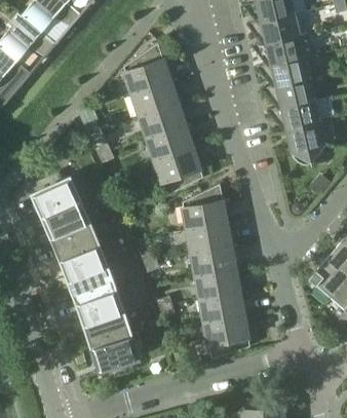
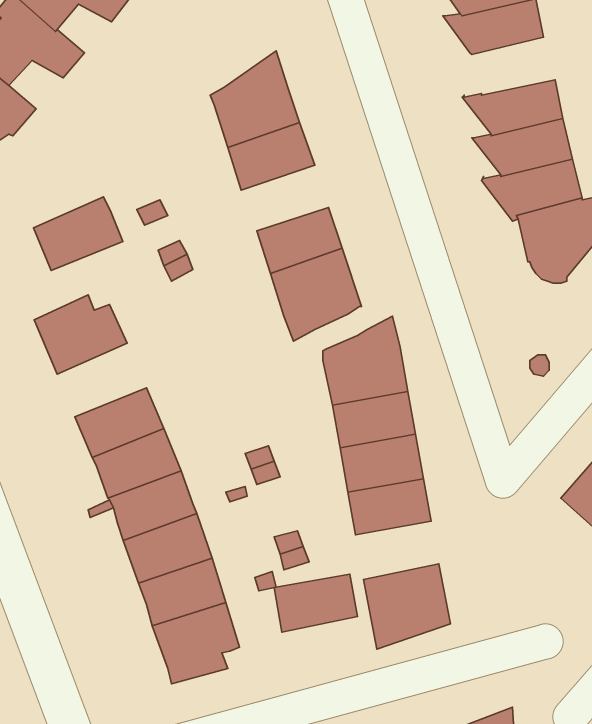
building: [252,34,314,66] -> none
building: [140,103,186,138] -> none
building: [42,197,89,236] -> [34,197,123,271]
building: [200,292,244,322] -> [274,574,357,632]

